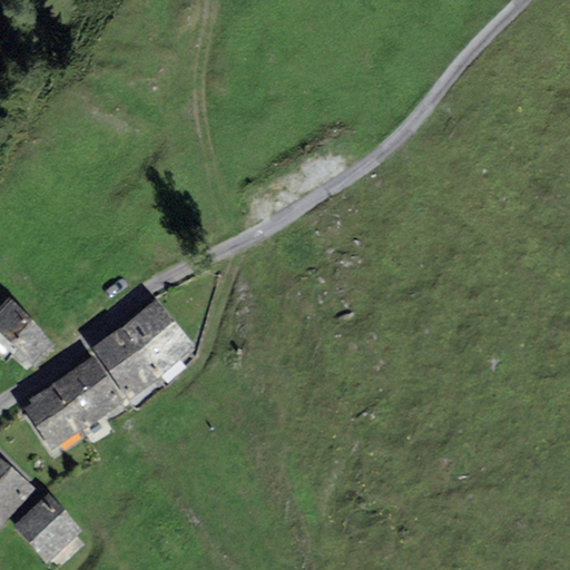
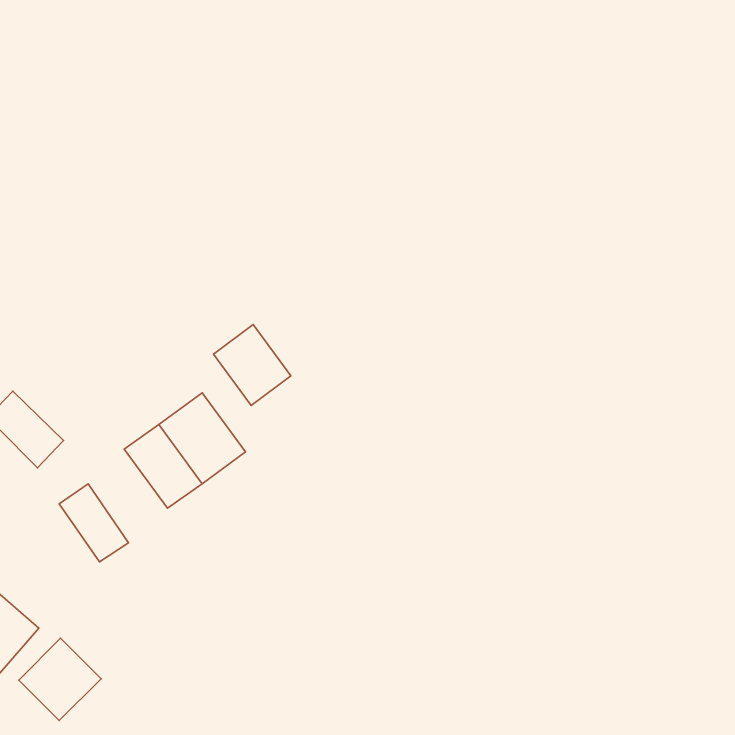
building: none -> [214,324,291,405]
building: [68,358,121,419] -> none
building: [23,389,77,449] -> none

